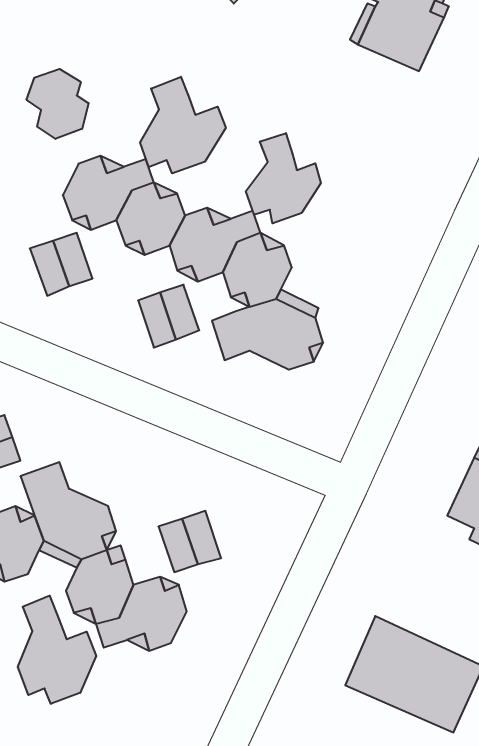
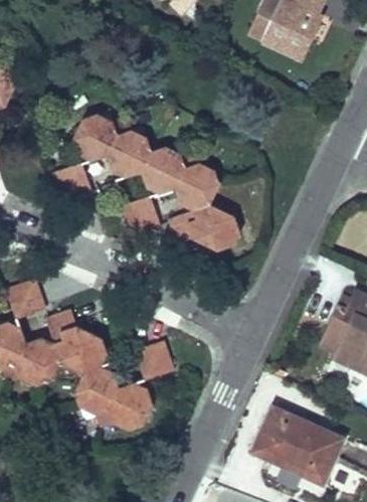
building: [27,69,89,139] -> none
building: [140,77,226,173] -> none
building: [246,133,321,223] -> none
building: [18,596,96,704] -> none

